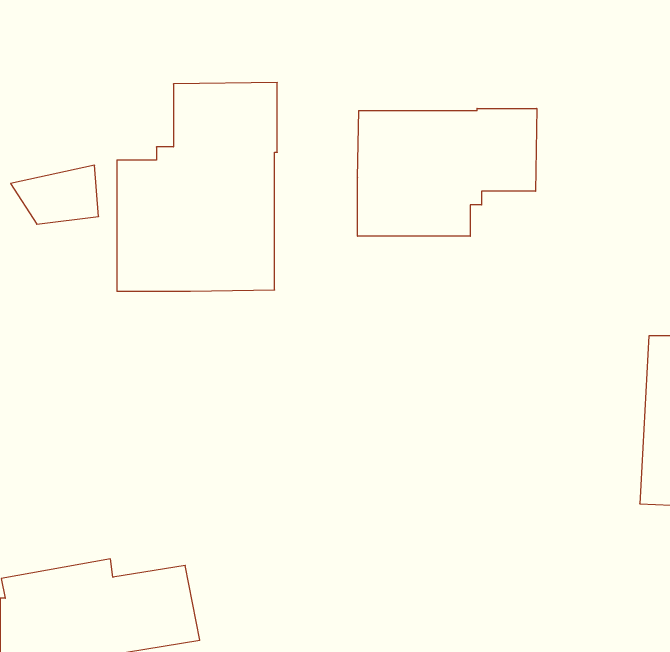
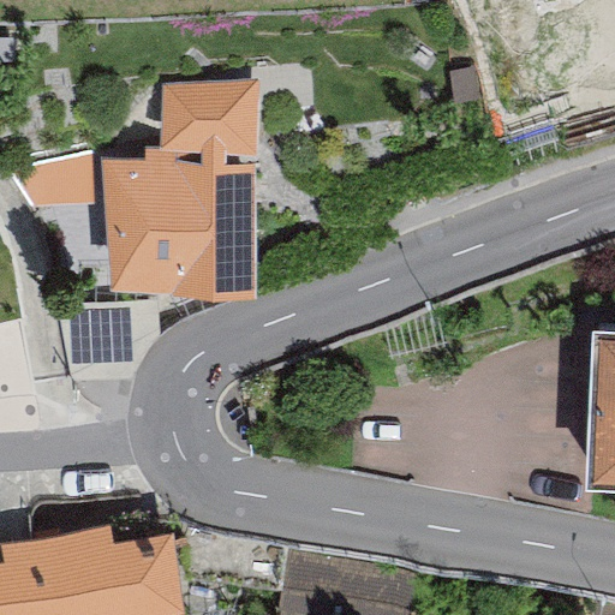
building: [358,108,537,236] -> none

